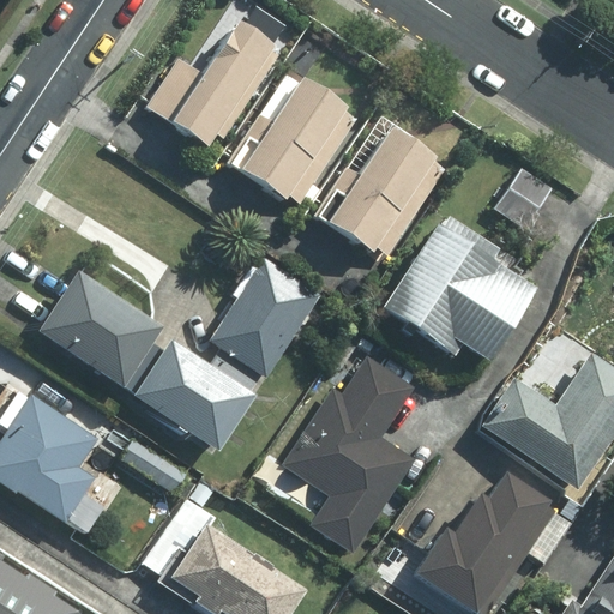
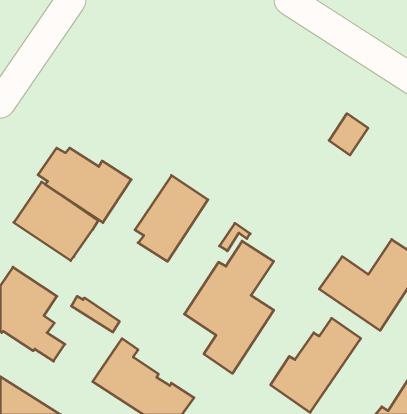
building: [149,20,283,146] -> none
building: [230,78,360,203] -> none
building: [317,127,431,249] -> none
building: [379,222,536,361] -> none
building: [121,341,259,451] -> [38,148,131,223]

